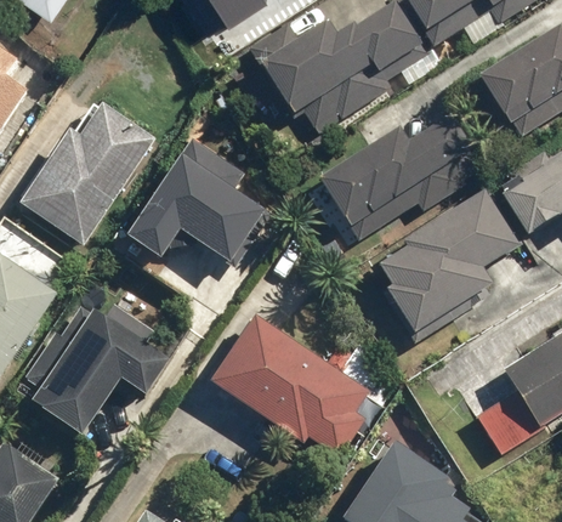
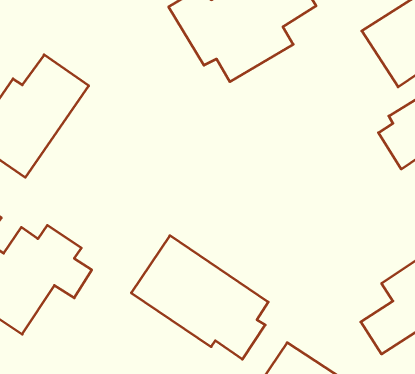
building: [318,115,488,239] -> none
building: [126,134,268,261] -> none
building: [379,191,518,334] -> none

